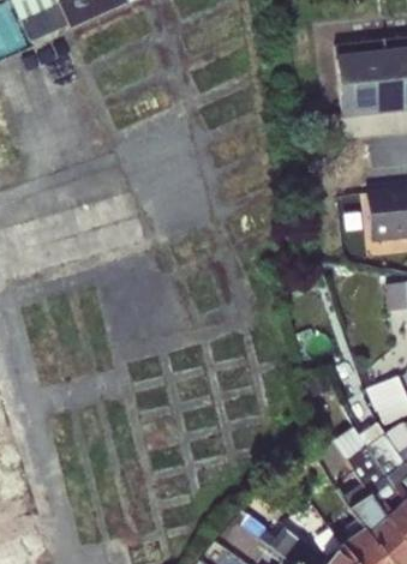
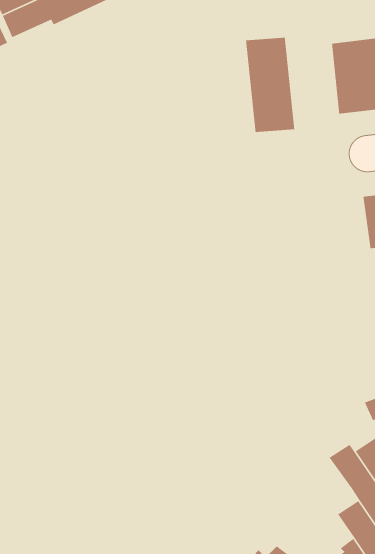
building: none -> [245,37,295,133]

